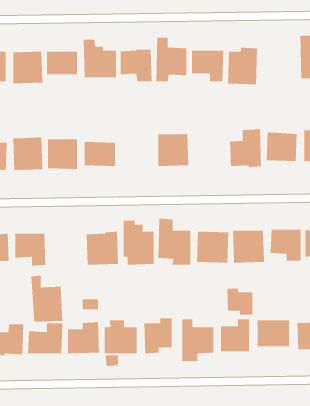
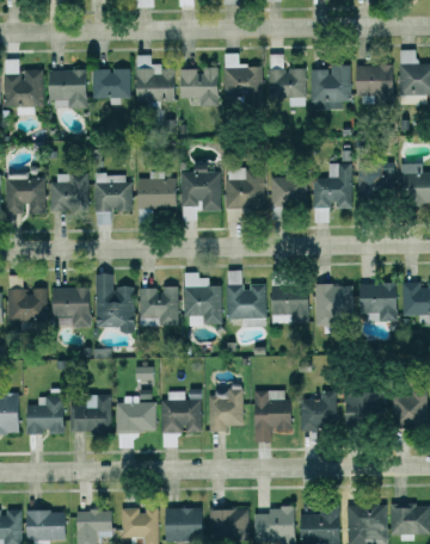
building: none -> [350,64,391,94]
building: none -> [179,165,220,221]
building: none -> [270,174,306,206]
building: [31,275,63,322] -> [94,273,134,329]
building: [227,288,253,315] -> none

